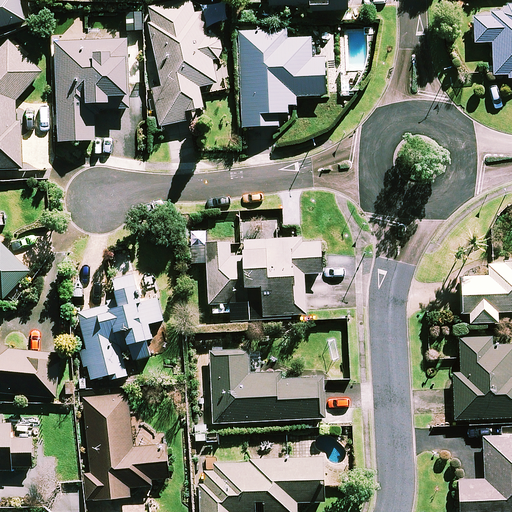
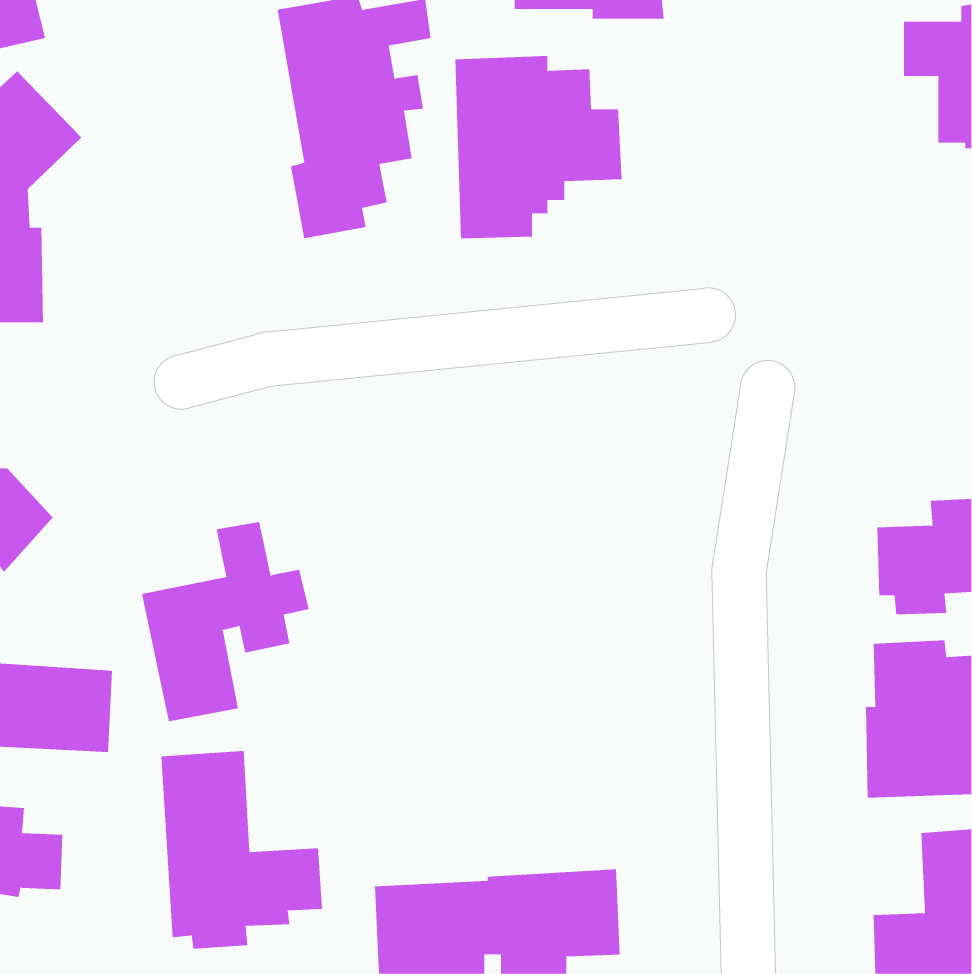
building: [56,38,129,140] -> none
building: [191,237,322,314] -> none
building: [211,351,324,422] -> none

